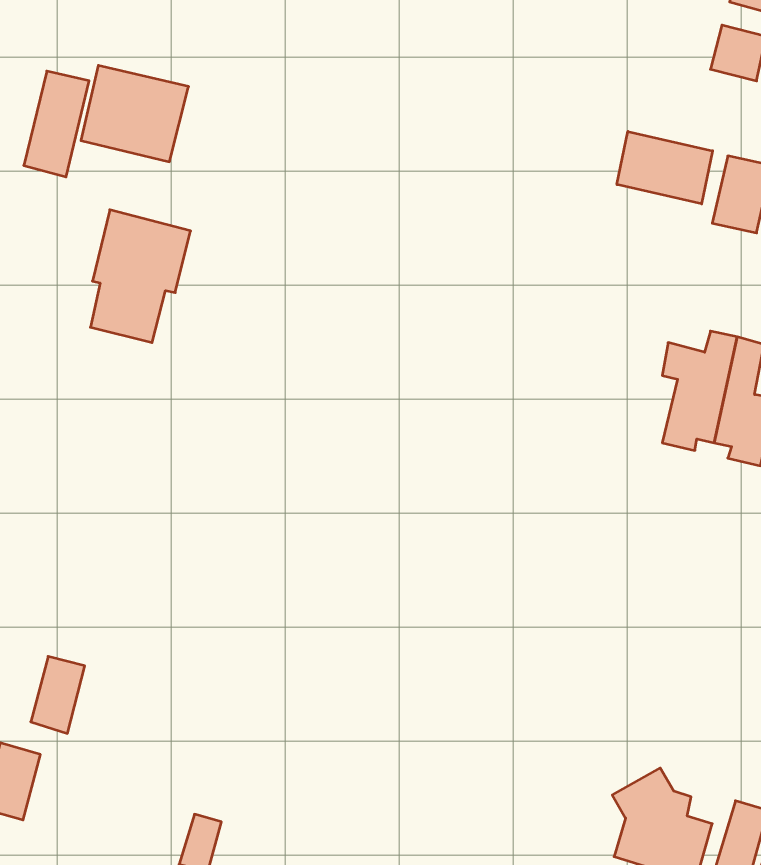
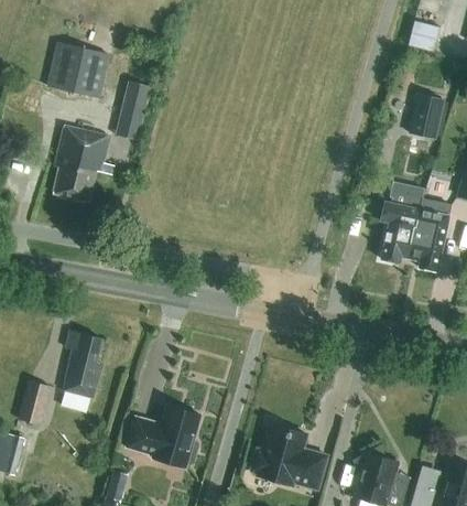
building: [24,71,89,177] -> [115,82,152,142]
building: [617,131,713,204] -> none
building: none -> [64,330,102,397]
building: none -> [127,405,202,466]
building: none -> [251,423,327,488]

